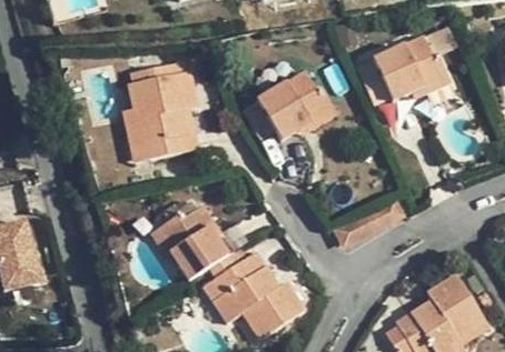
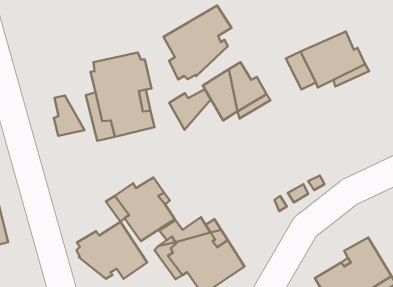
building: none -> [164,5,232,80]
building: none -> [169,89,211,130]
building: none -> [54,95,84,136]
building: none -> [77,222,147,279]

